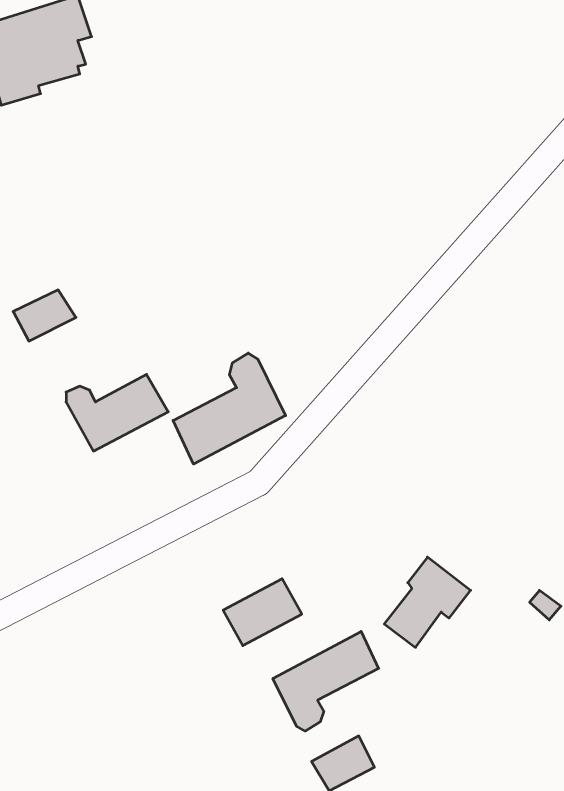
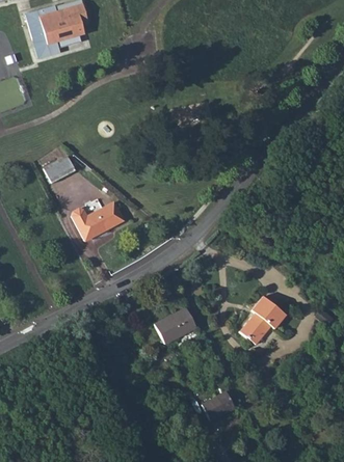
building: [173,353,286,464] -> none
building: [273,631,379,731] -> none

